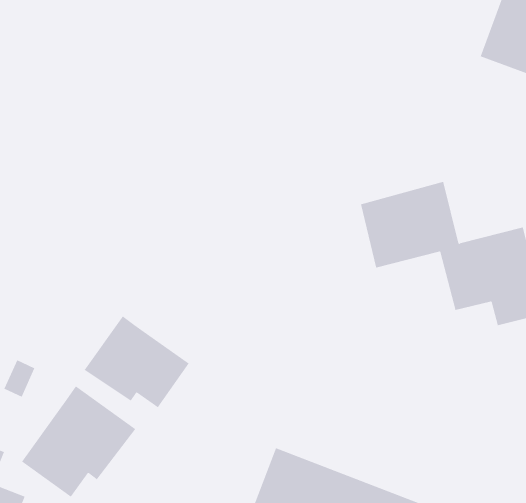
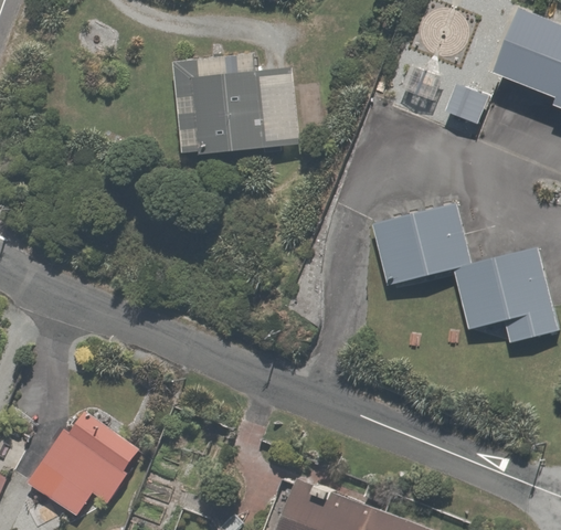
building: none -> [160,59,305,161]
building: [84,316,190,408] -> none

